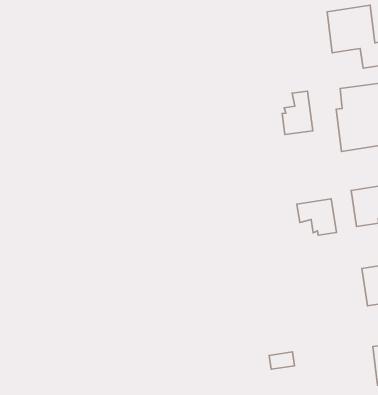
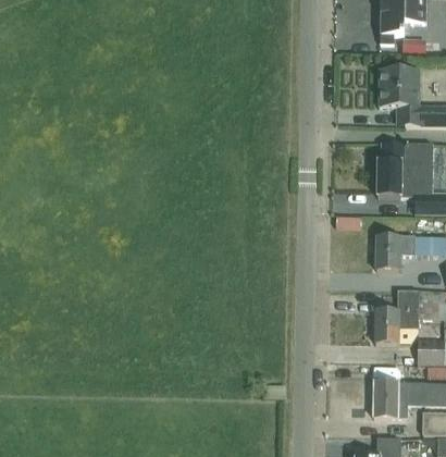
building: [282,91,313,135] -> none
building: [297,199,336,235] -> none

